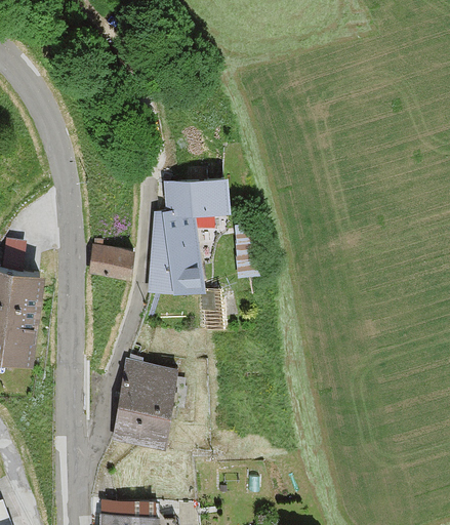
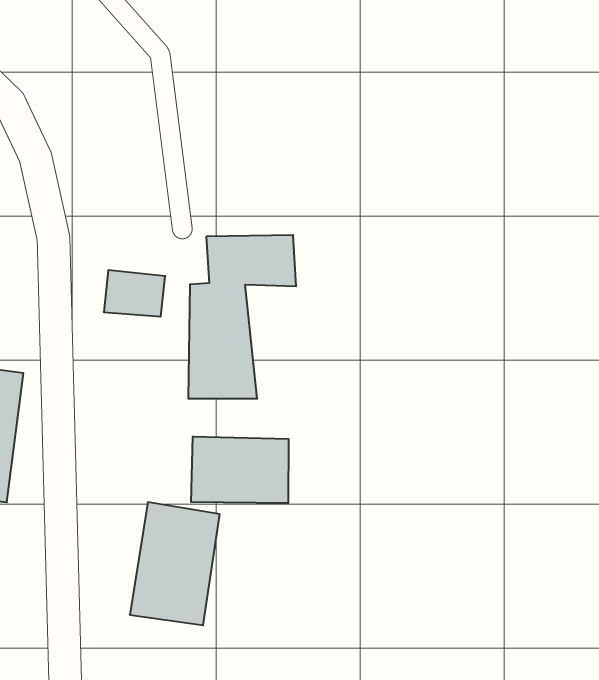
building: [90,245,132,277] -> [104,270,165,317]
building: none -> [191,436,289,503]

